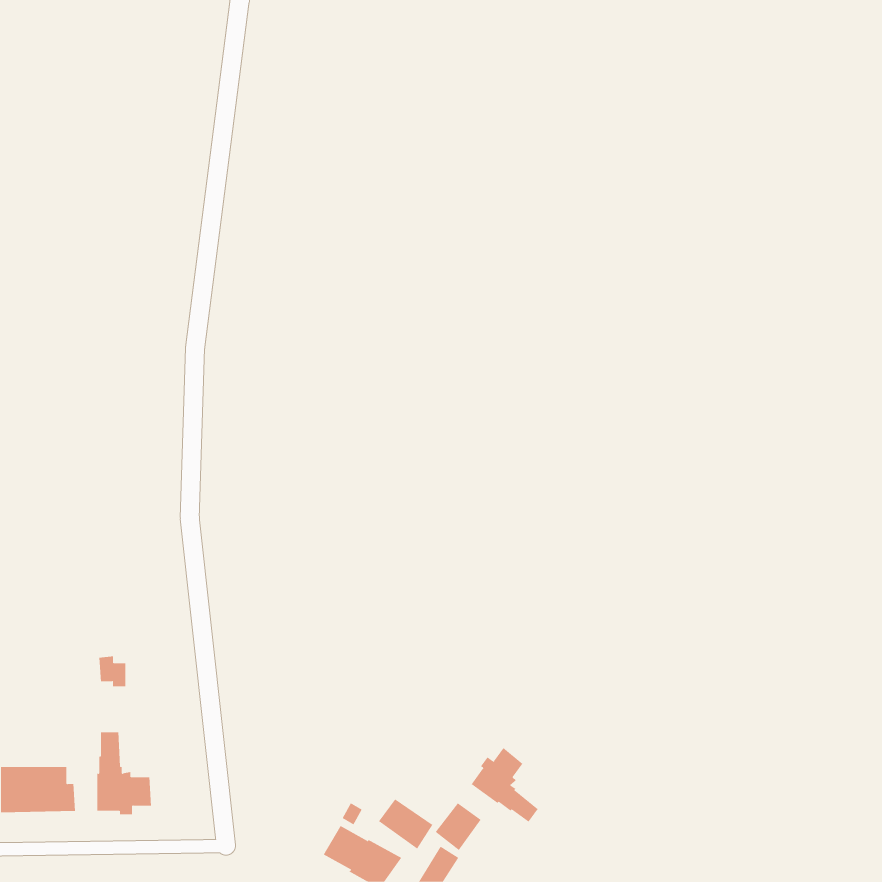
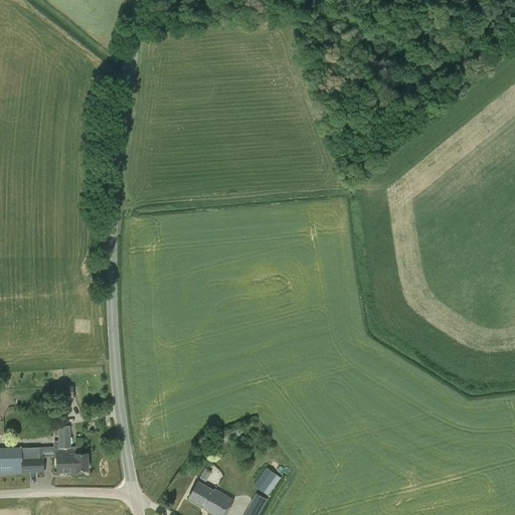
building: [471,747,539,822] -> none
building: [378,798,433,850] -> none

